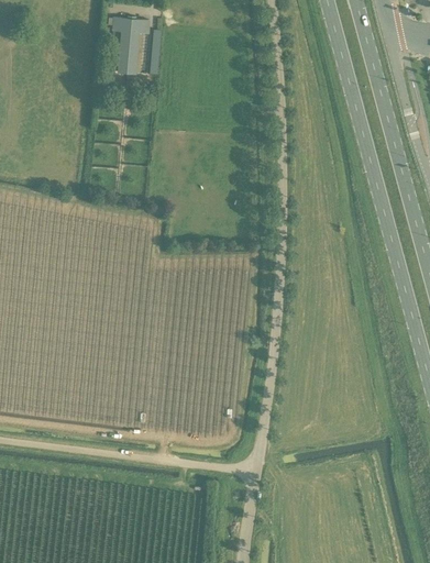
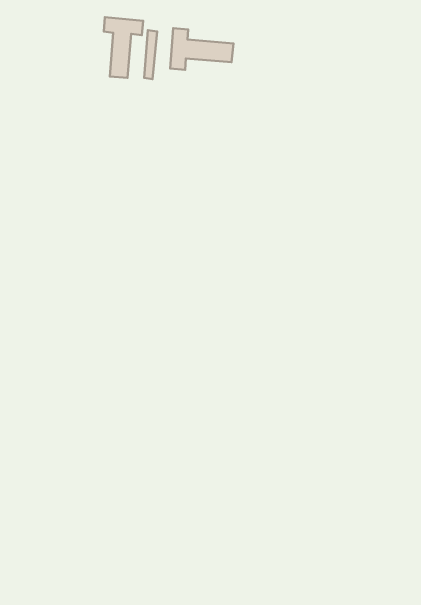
building: none -> [170,28,233,70]

